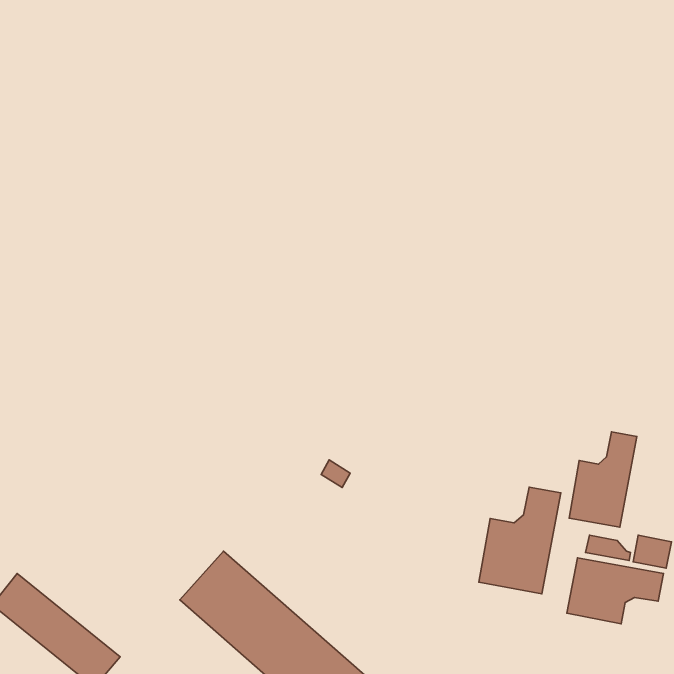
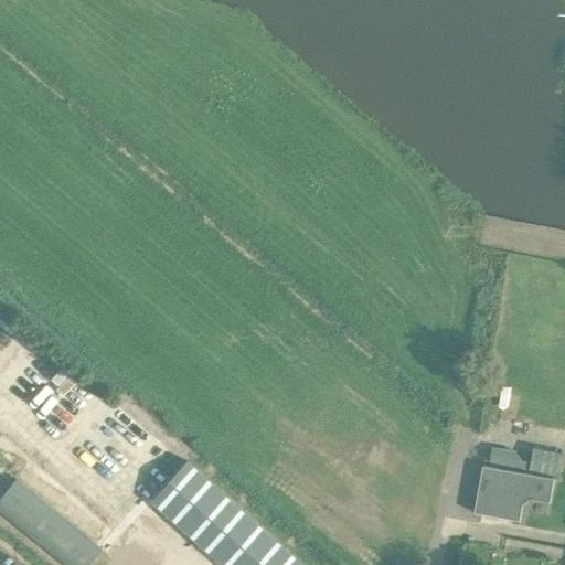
building: [569,432,637,527] -> none
building: [479,487,561,594] -> none

